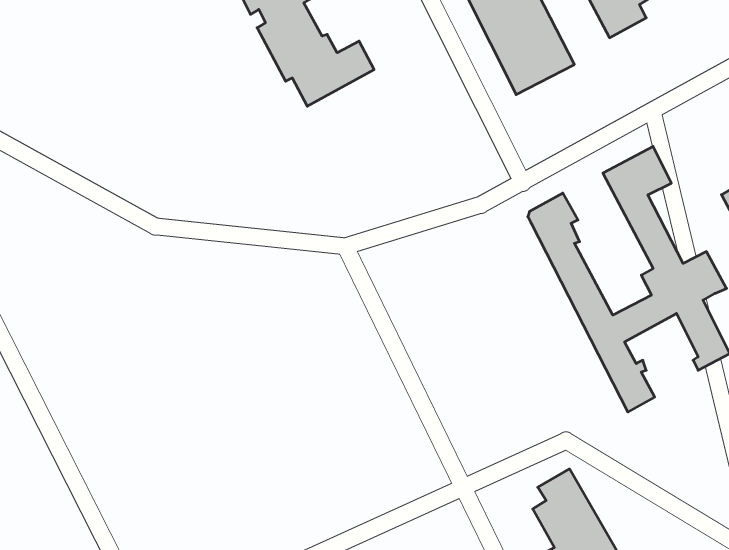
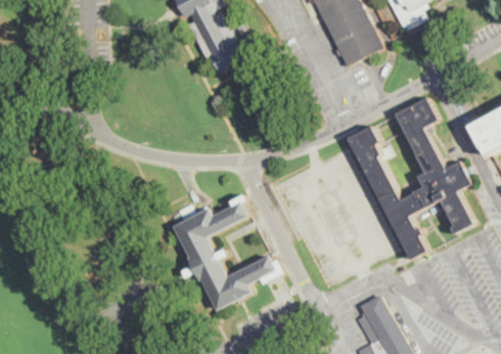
building: none -> [173,194,281,310]

